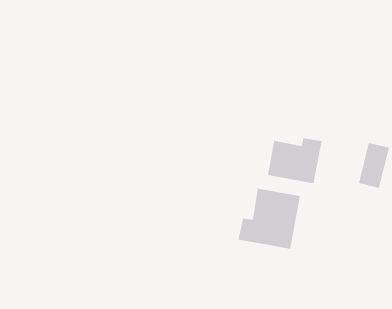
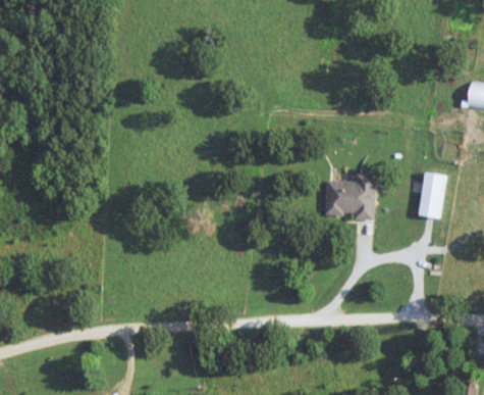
building: [238,188,300,249] -> none

